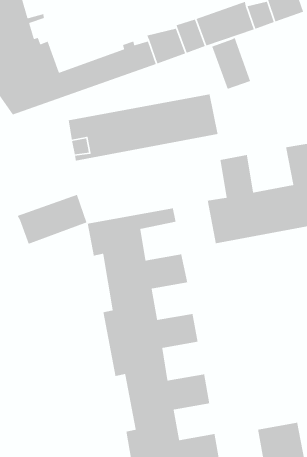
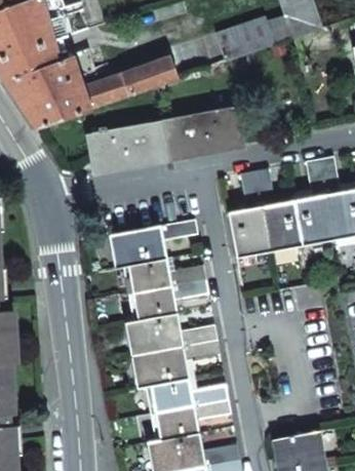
building: [211,37,251,90] -> none
building: [17,194,87,245] -> none

